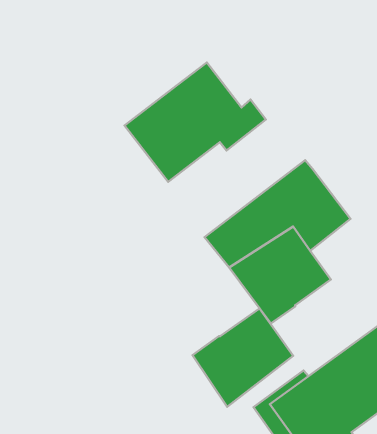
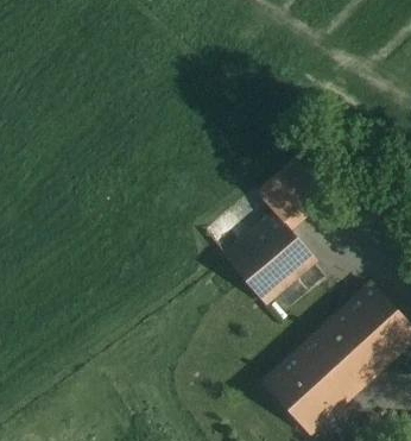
building: [125,62,266,182] -> none
building: [192,308,293,407] -> none

